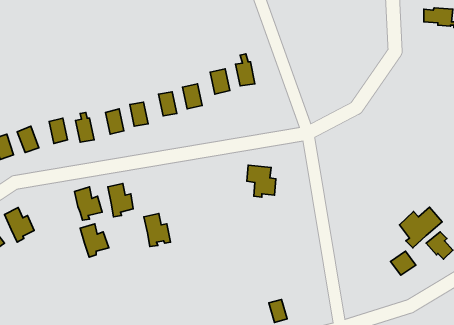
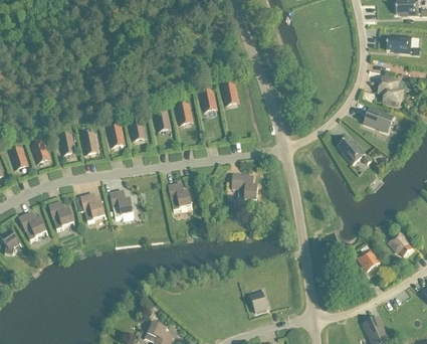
building: none -> [377,75,402,105]
building: none -> [363,107,393,131]
building: none -> [338,136,371,163]
building: [400,207,442,248] -> none
building: [144,213,170,247] -> [168,181,191,210]
building: [80,224,109,257] -> [48,200,73,229]

